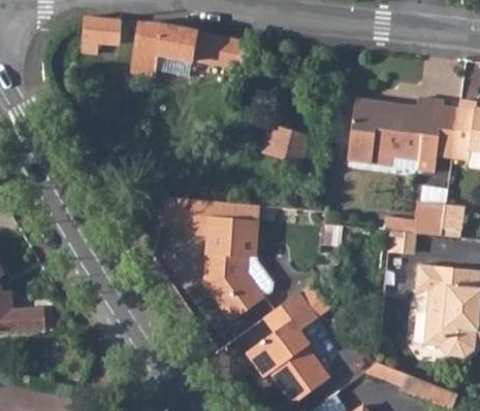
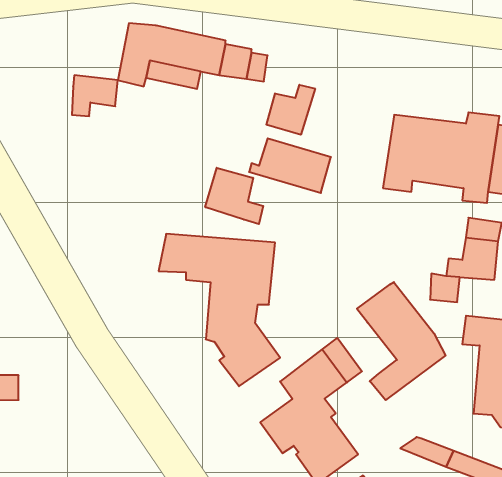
building: [78,15,117,49] -> [72,75,118,116]
building: none -> [266,85,315,135]
building: none -> [205,168,263,224]
building: none -> [357,282,446,400]

